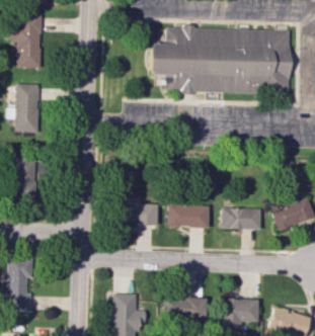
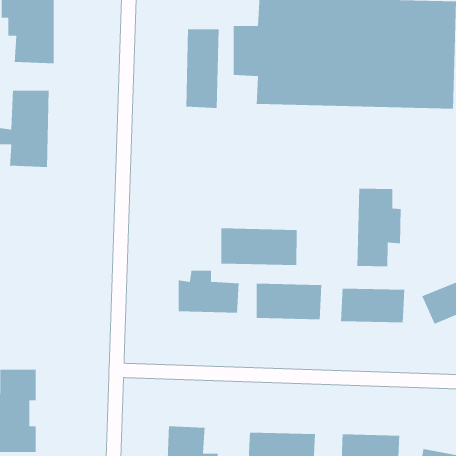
building: none -> [185,29,220,109]
building: none -> [357,188,402,267]
building: [15,158,36,197] -> none
building: none -> [220,228,297,266]

